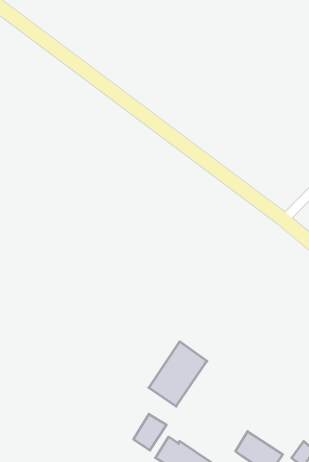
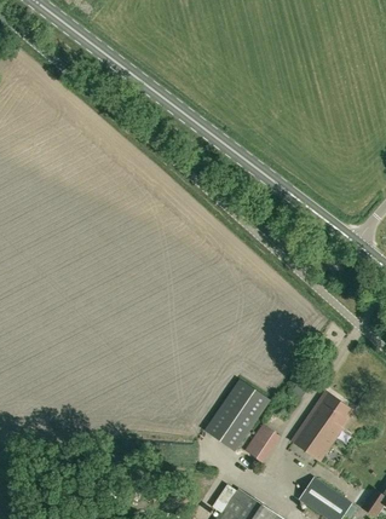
building: none -> [293,393,353,460]
building: [134,414,166,450] -> [243,423,280,463]

